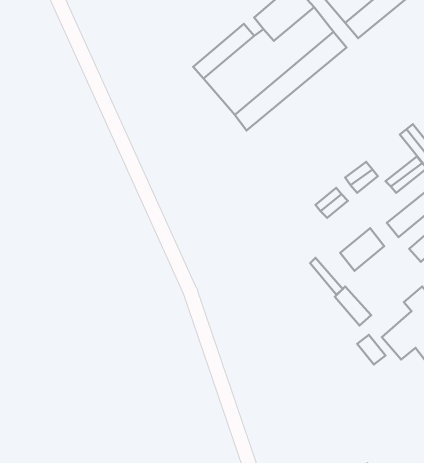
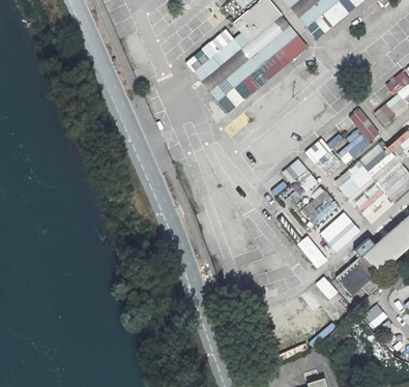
building: none -> [321,212,360,250]

